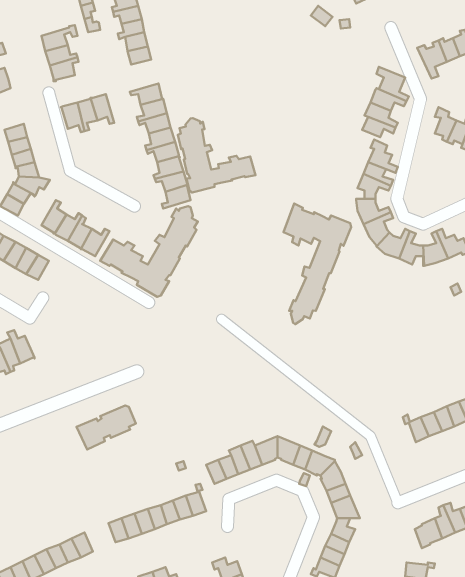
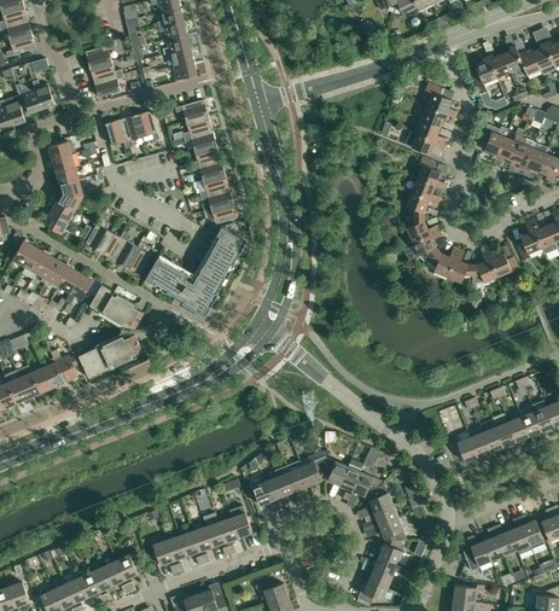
building: [178,118,255,192] -> none
building: [284,204,351,324] -> none
building: none -> [89,285,141,327]
building: [76,406,136,450] -> [78,333,139,378]

